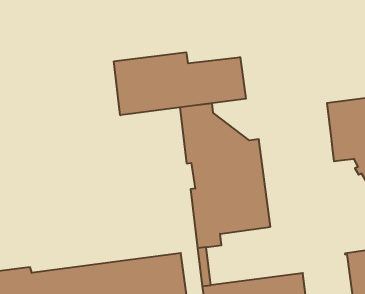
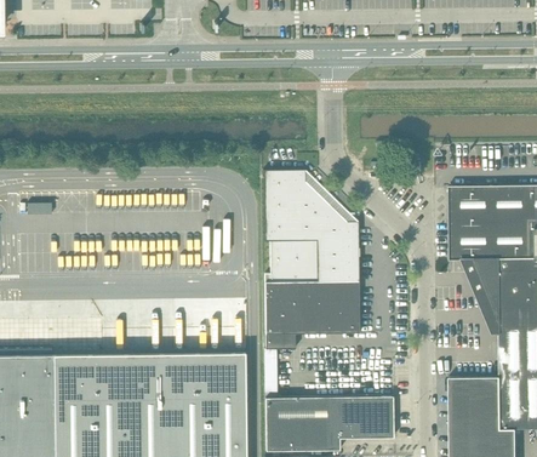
building: [114,52,246,115] -> none

